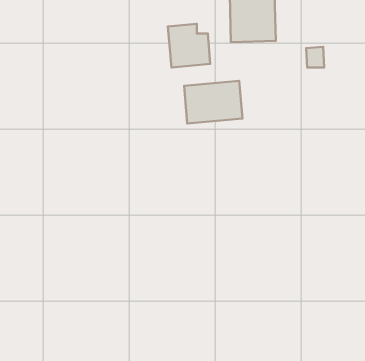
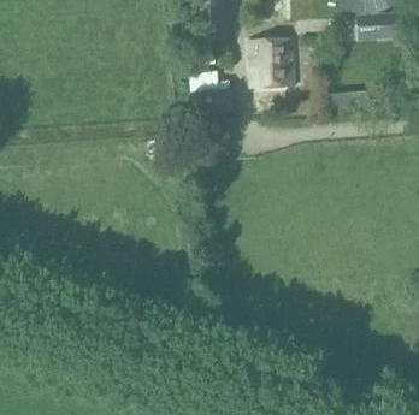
building: [184,81,243,124] -> none

